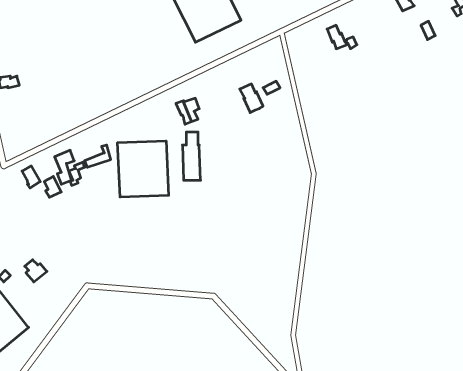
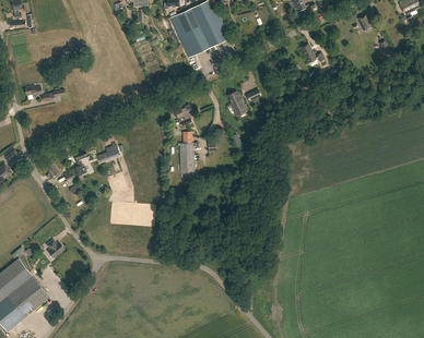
building: [118,141,169,197] -> none

